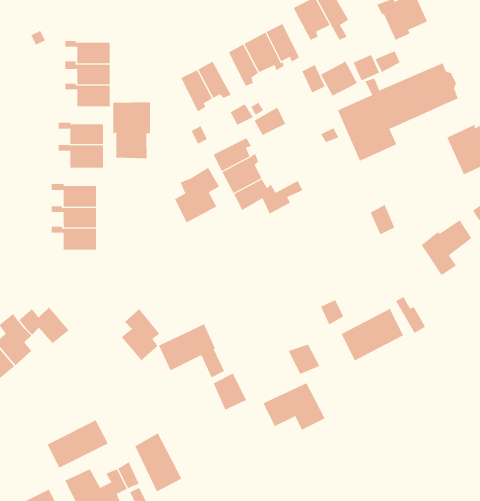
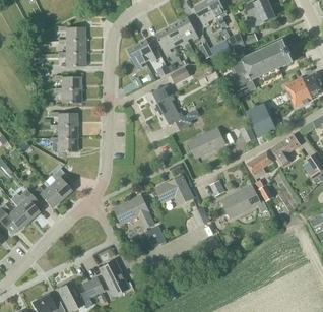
building: [113,101,150,159] -> none
building: [174,167,220,223] -> none
building: none -> [247,103,277,137]
building: none -> [188,128,224,158]
building: none -> [246,150,273,179]
building: [121,308,160,361] -> [49,168,72,199]
building: [262,383,325,430] -> [155,176,193,204]
building: [47,420,108,468] -> none

